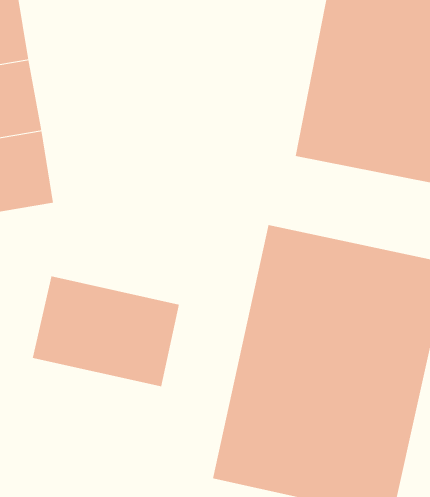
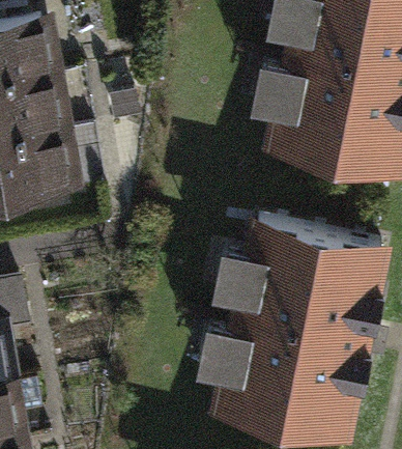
building: [32,275,179,387] -> none

